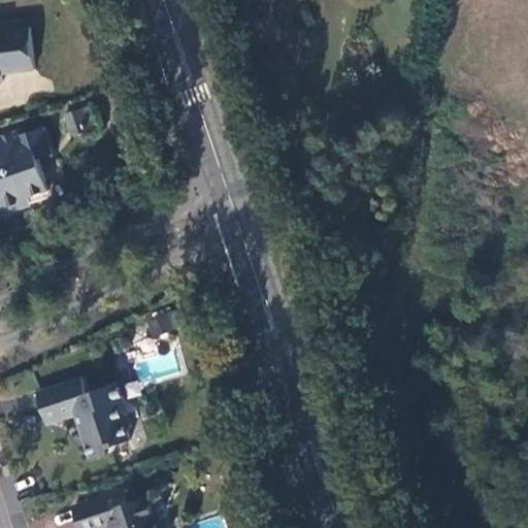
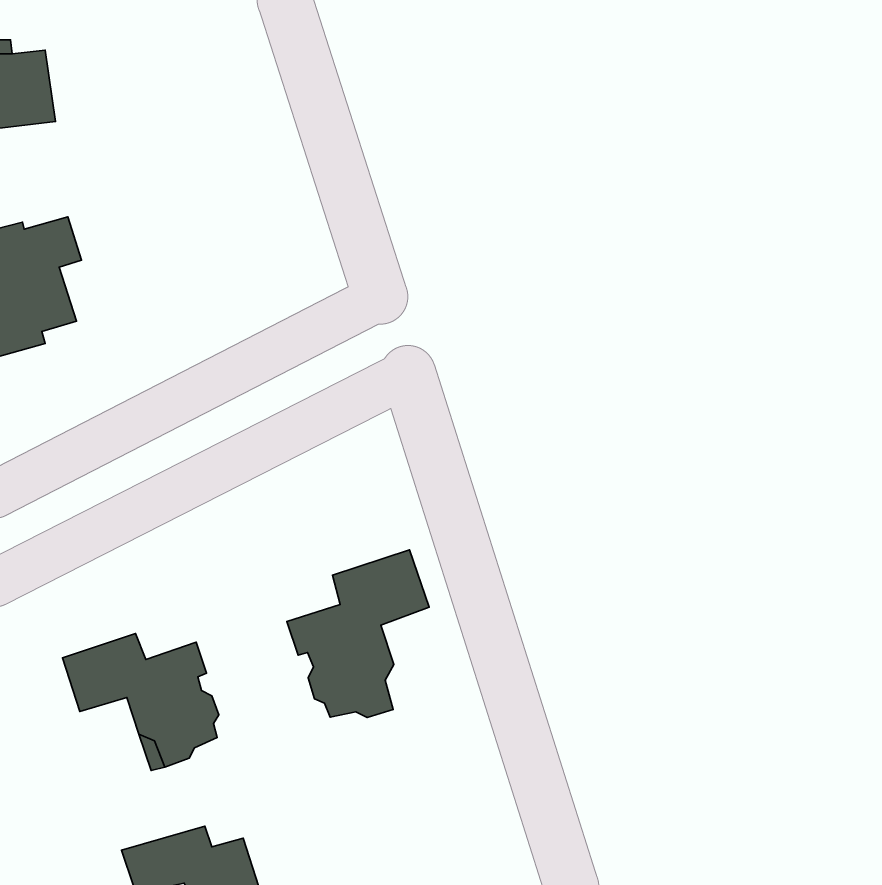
building: none -> [287,550,429,717]

